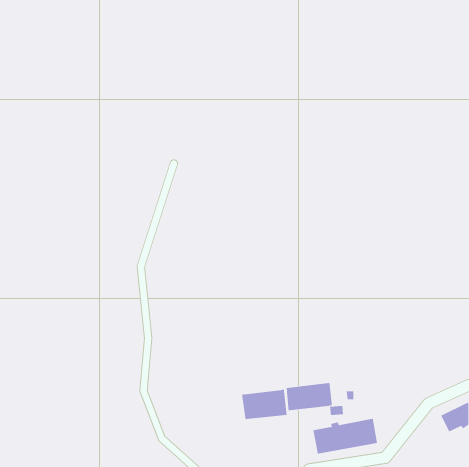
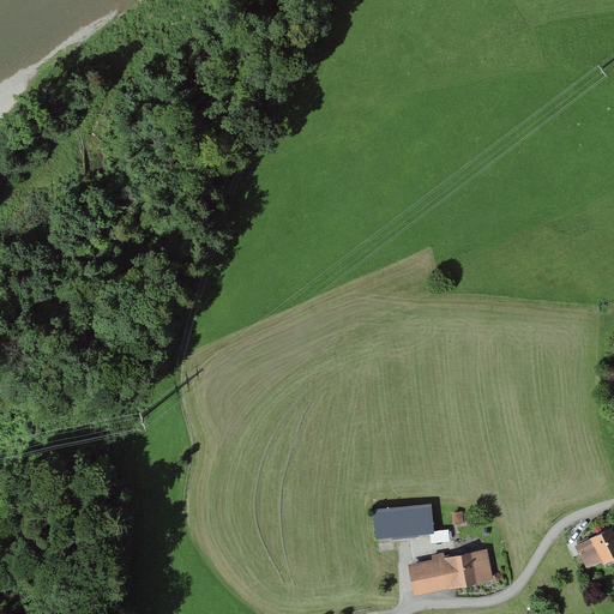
building: [241,389,287,420] -> none

